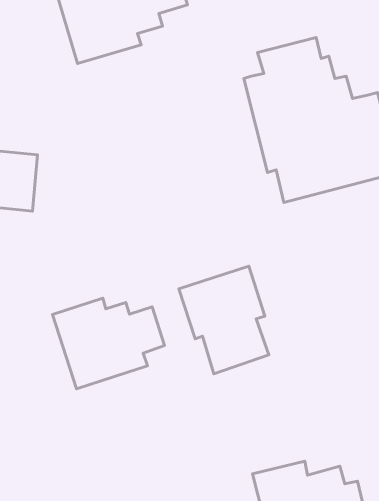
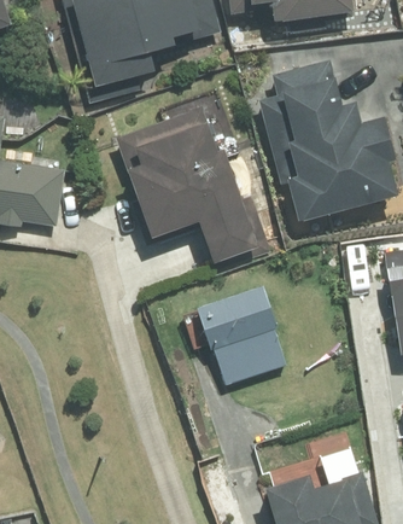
building: none -> [121,103,262,263]
building: [53,298,165,389] -> none

